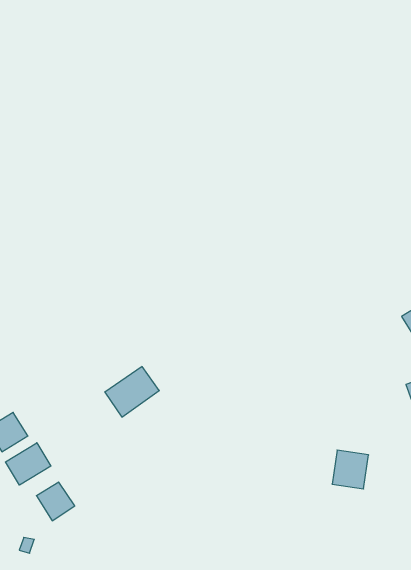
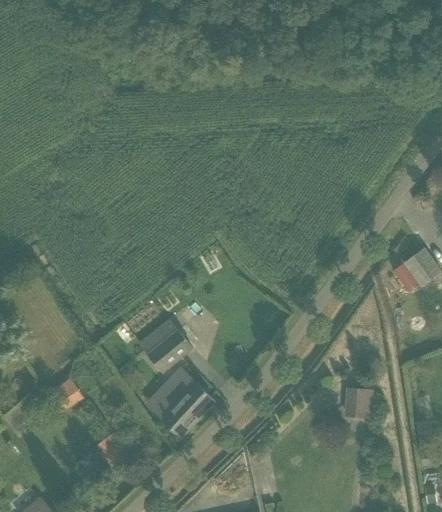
building: none -> [159,373,213,435]
building: [5,443,51,485] -> none

